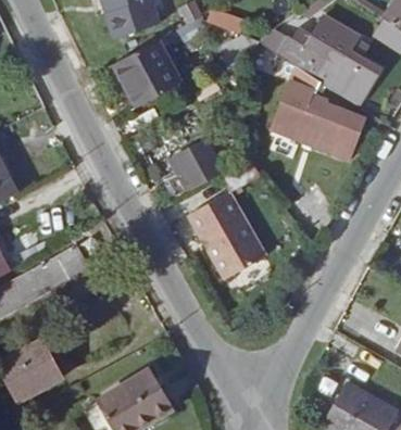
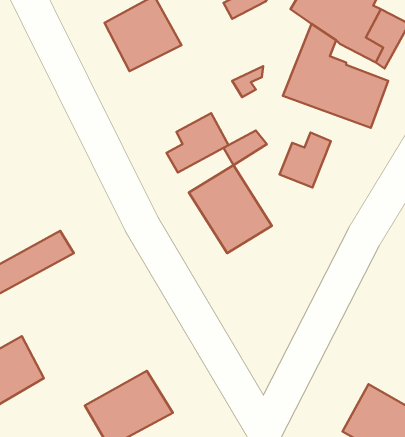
building: none -> [279,133,331,188]

